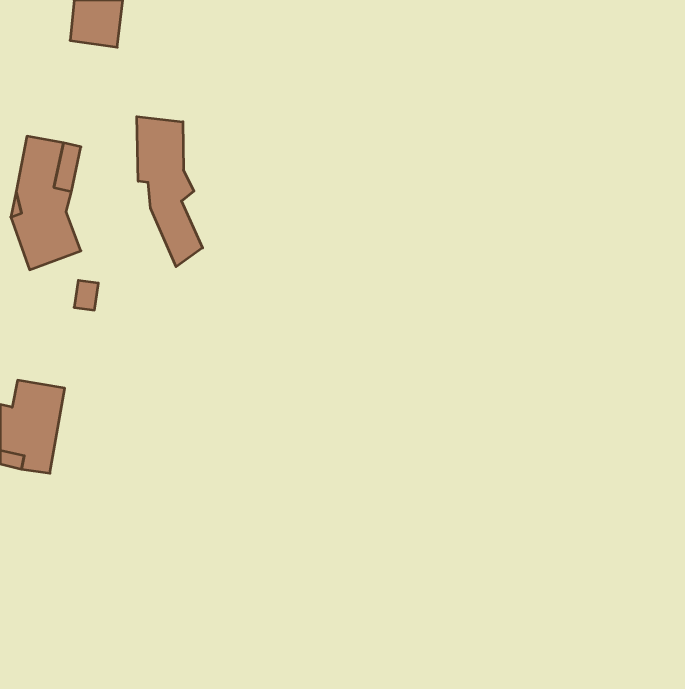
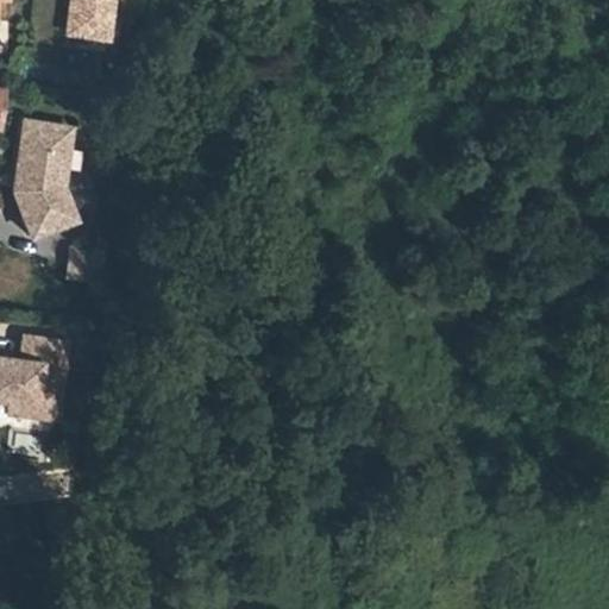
building: [137,117,203,267] -> none

